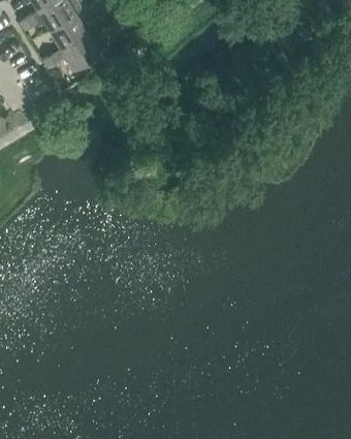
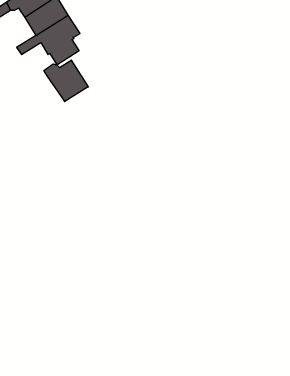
building: none -> [44,60,88,102]

